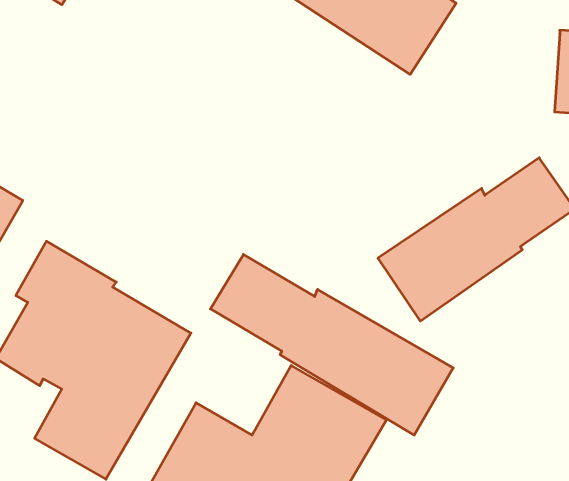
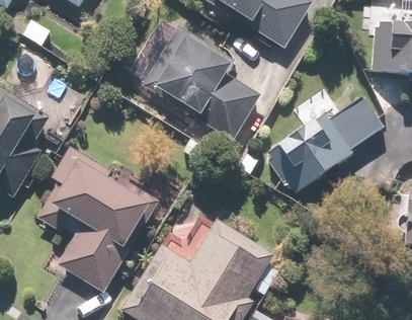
building: none -> [143,26,258,138]
building: [210,254,453,435] -> none

